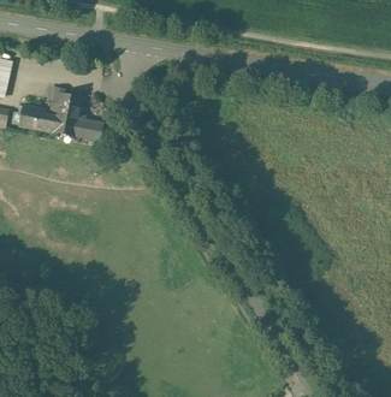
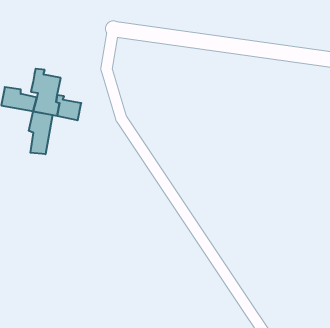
building: none -> [29,111,53,154]

